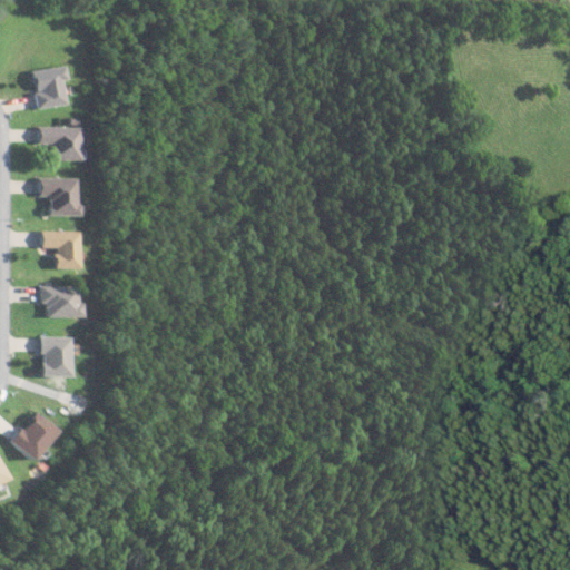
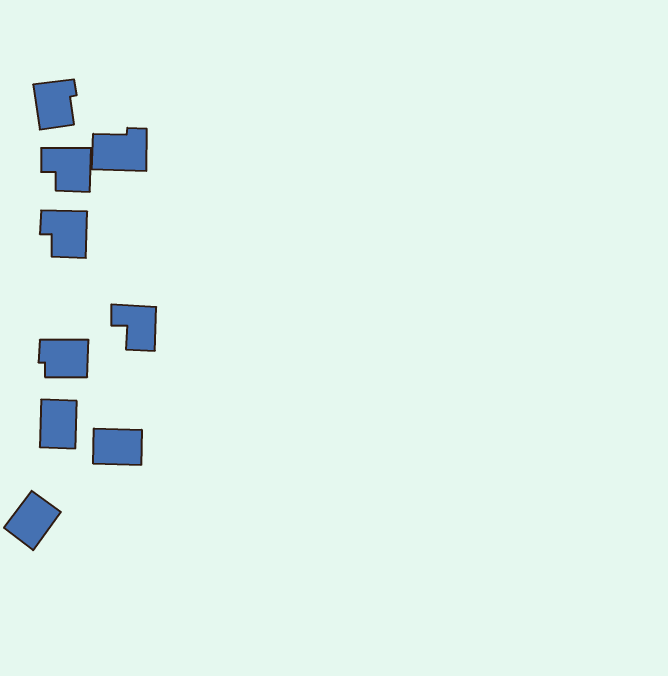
building: none -> [92,128,147,171]
building: [42,230,80,269] -> [111,304,156,351]
building: none -> [93,428,142,465]

